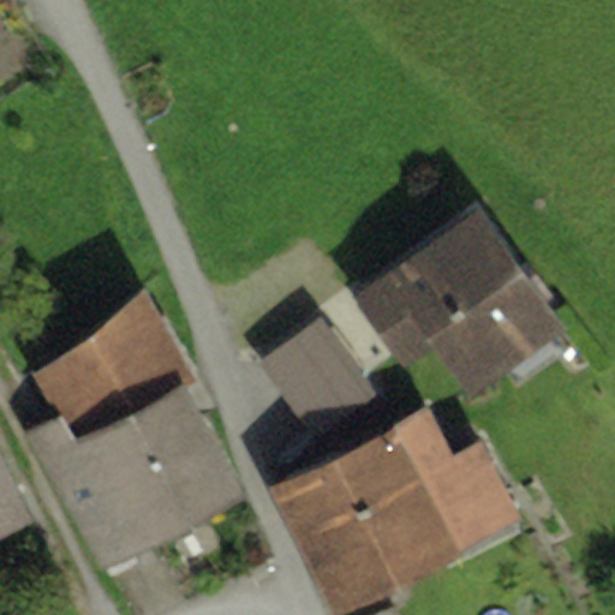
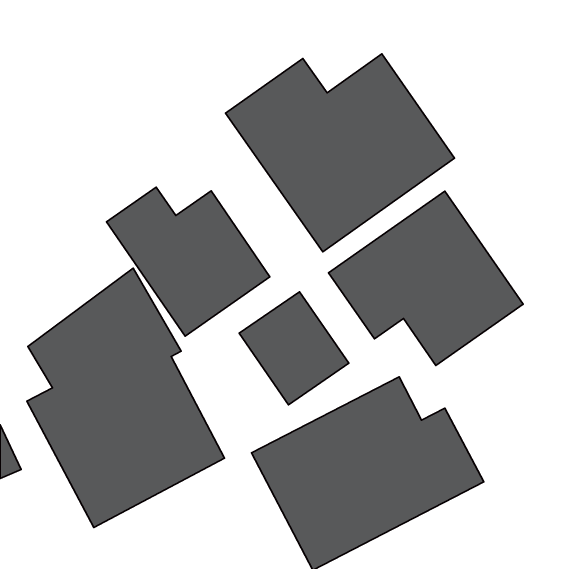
building: none -> [226,54,455,252]
building: none -> [106,187,270,336]

